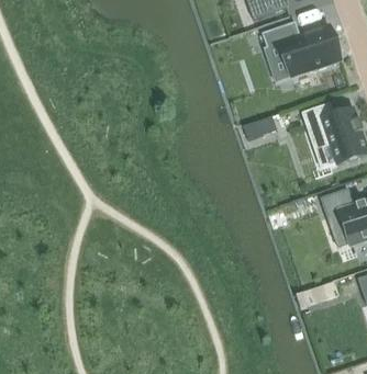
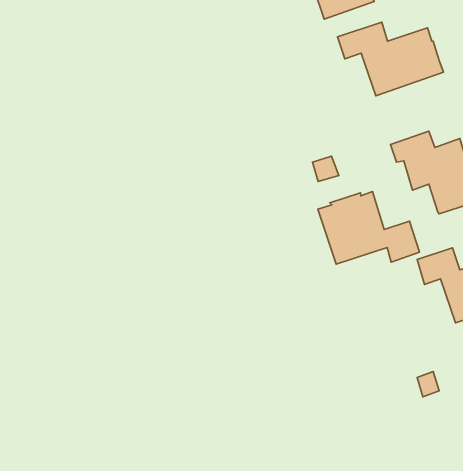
building: none -> [318,192,419,264]

